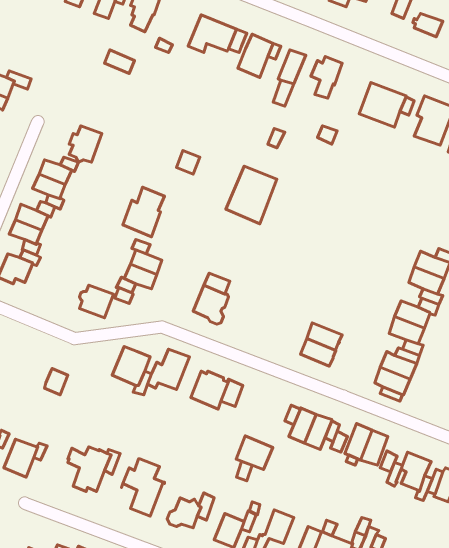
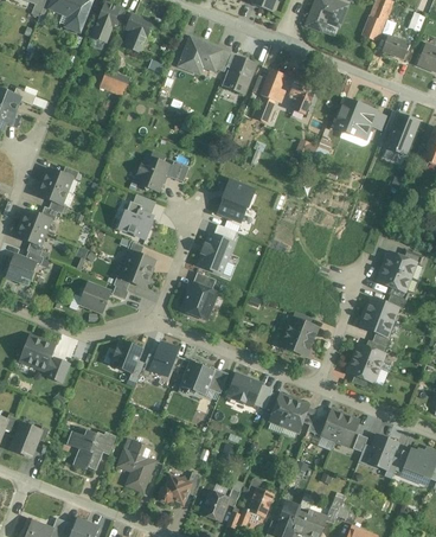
building: [69,126,102,162] -> [137,156,167,190]
building: none -> [198,224,237,273]
building: none -> [20,335,54,371]
building: [236,436,273,470] -> [227,373,261,404]

